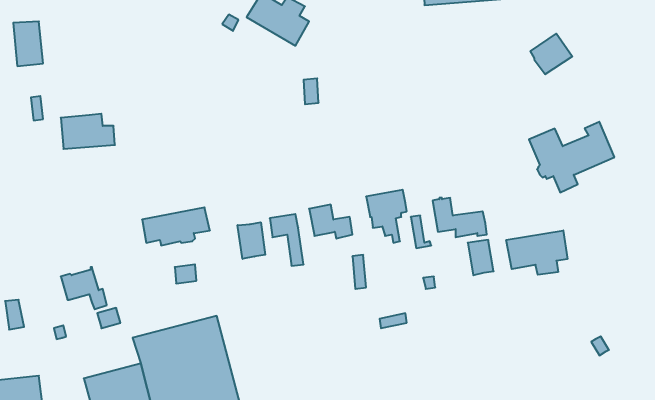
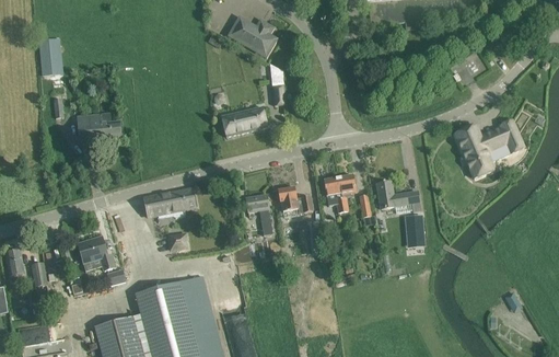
building: none -> [221,106,267,136]
building: [238,222,265,259] -> none
building: [506,230,567,275] -> none

